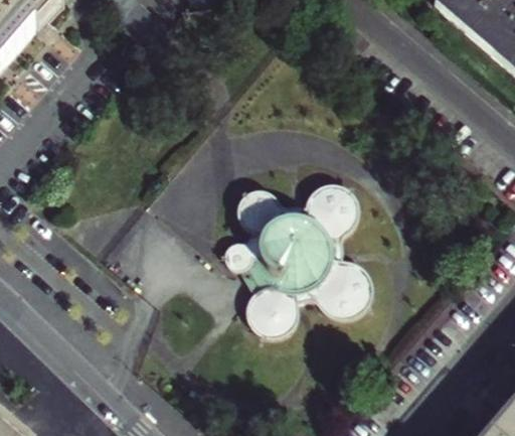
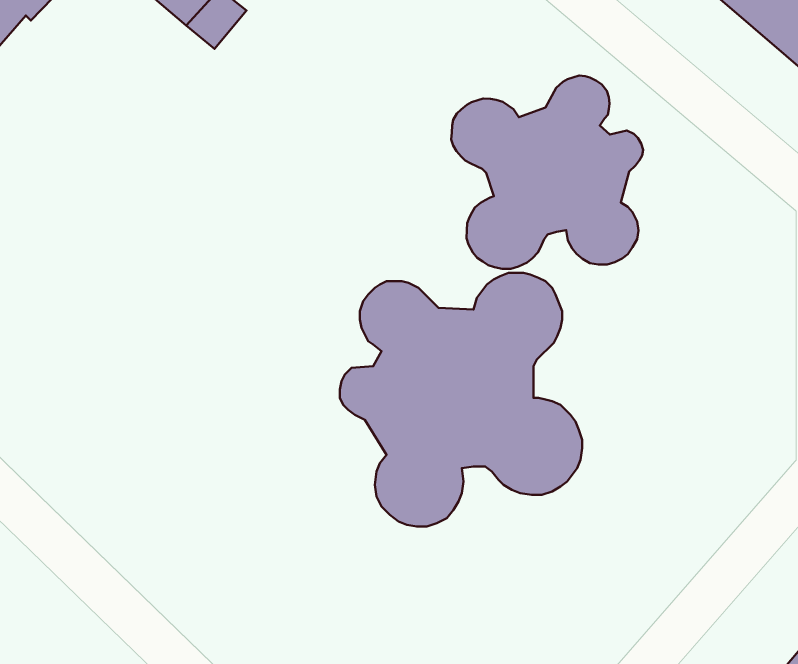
building: none -> [451,75,643,269]

